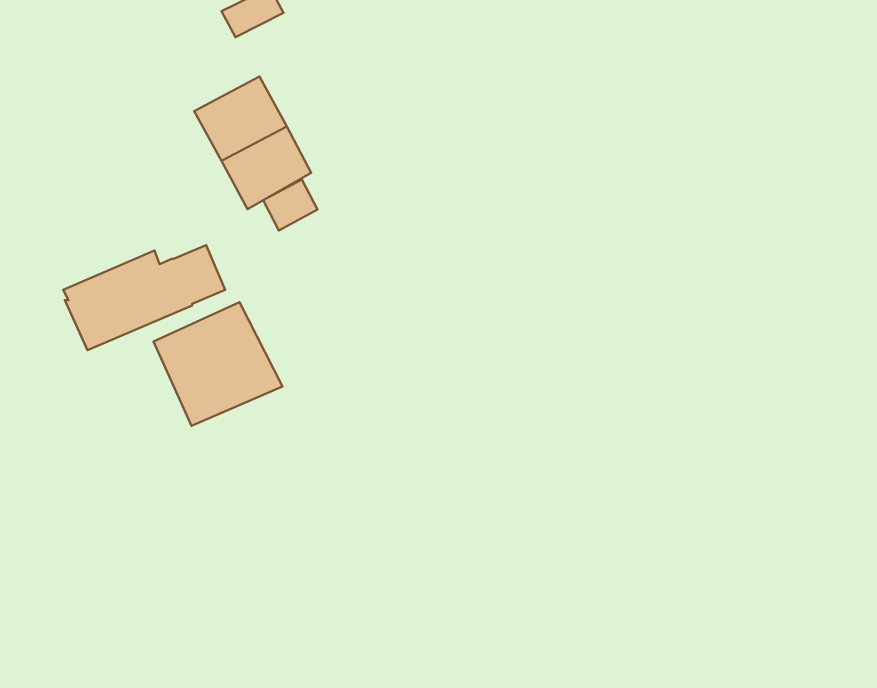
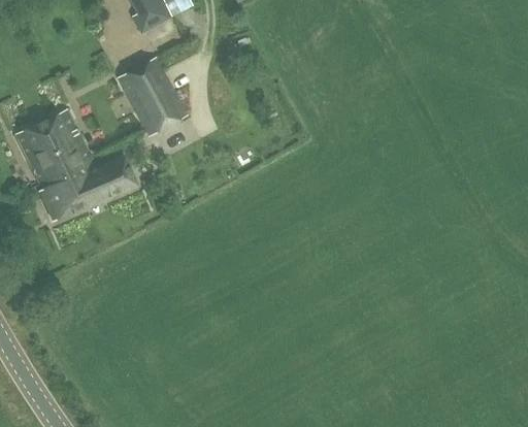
building: [263,179,317,230] -> none
building: [154,302,283,426] -> [15,110,93,185]

